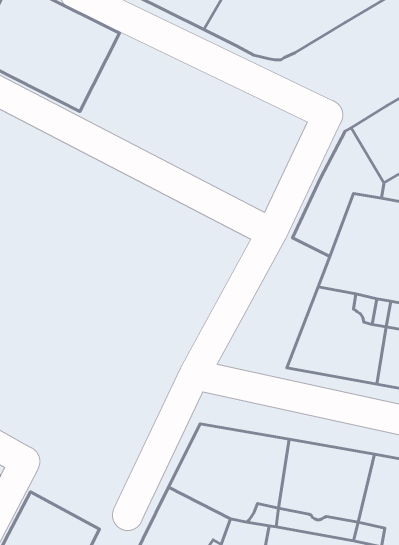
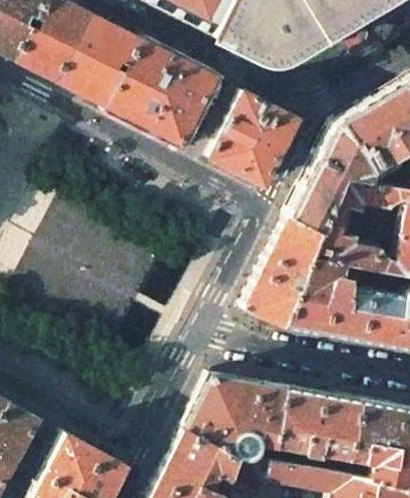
building: none -> [108,41,217,146]
building: none -> [210,92,297,186]
building: none -> [246,216,323,328]

